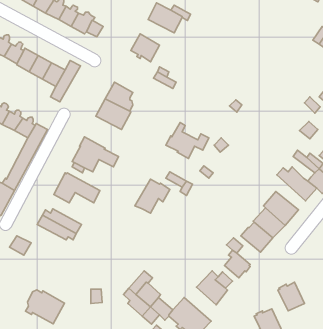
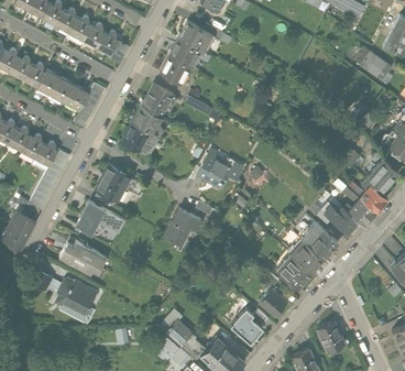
building: none -> [169,39,208,67]
building: none -> [142,84,174,117]
building: [25,290,64,324] -> [56,279,98,315]

